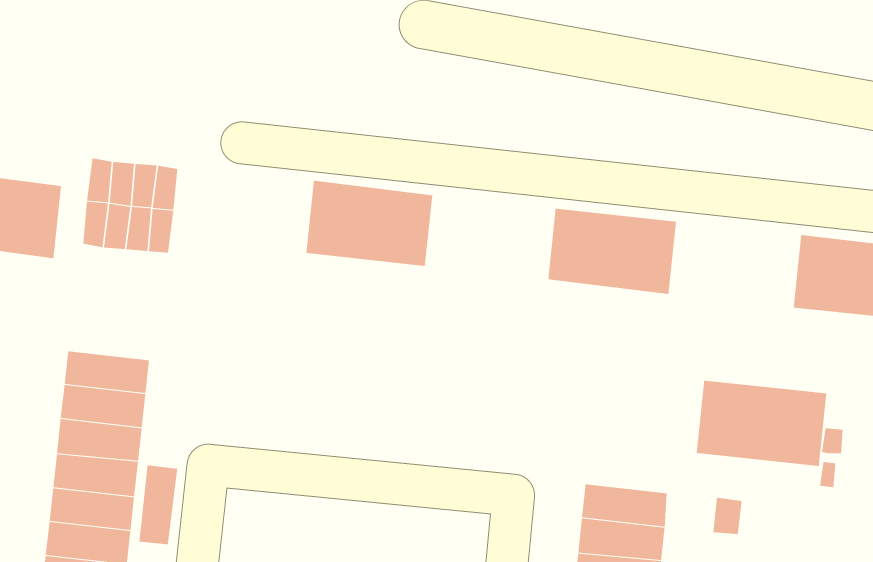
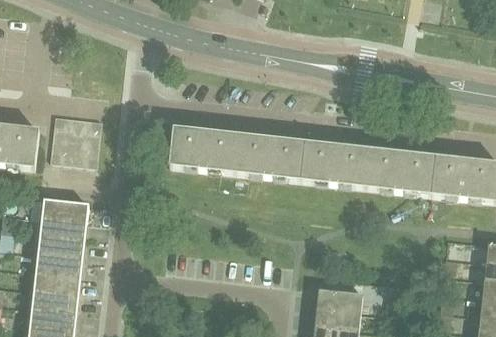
building: none -> [234,133,303,178]
building: none -> [43,197,89,221]
building: [696,380,827,466] -> [364,147,434,193]
building: [139,465,178,545] -> none

